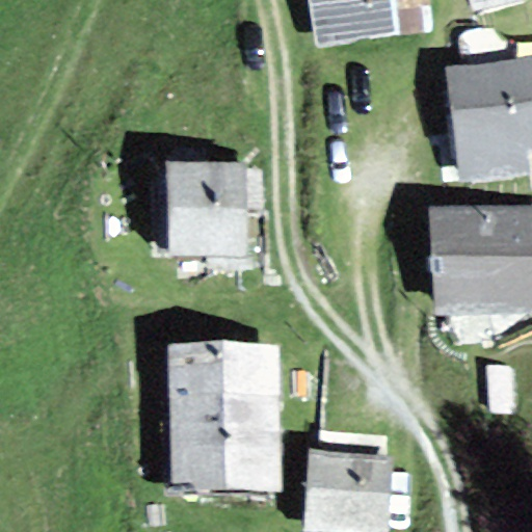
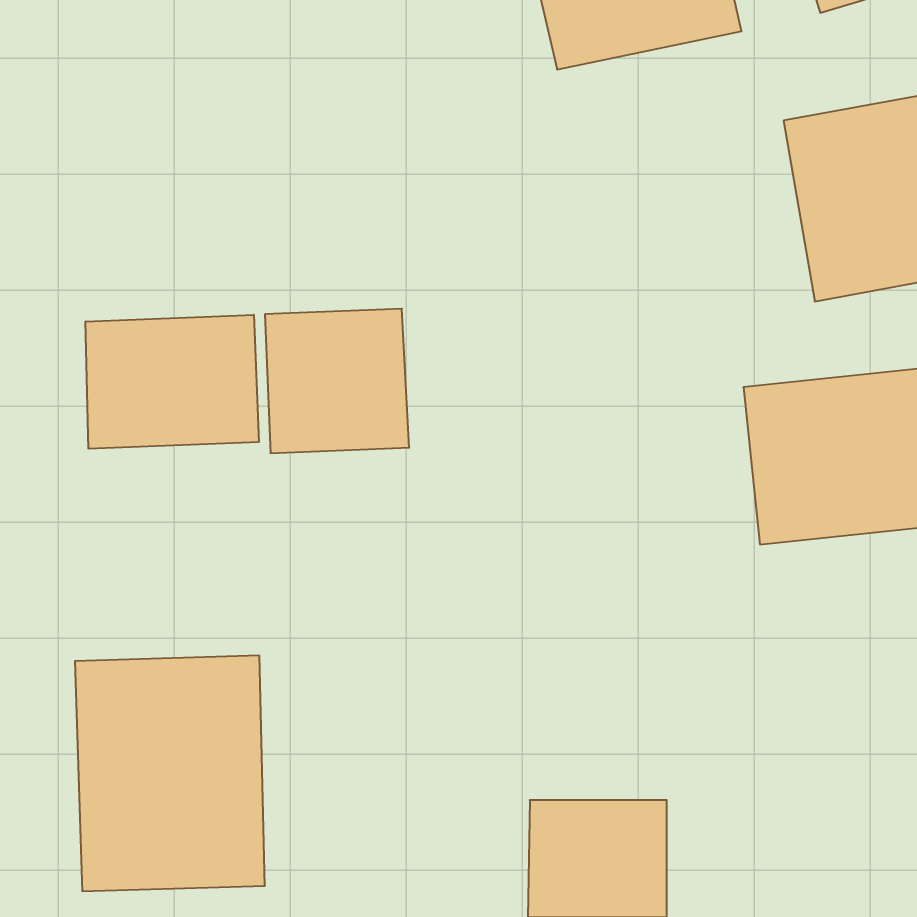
building: none -> [86,315,259,449]
building: [165,354,273,488] -> [75,656,265,891]

